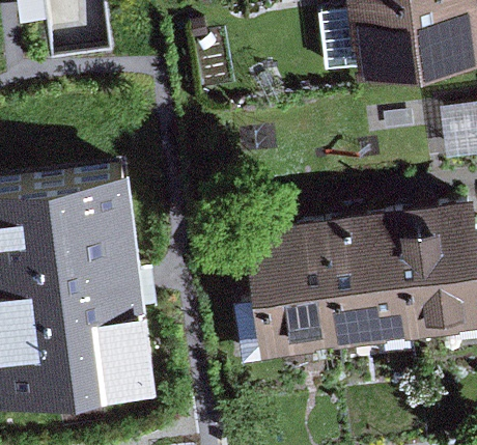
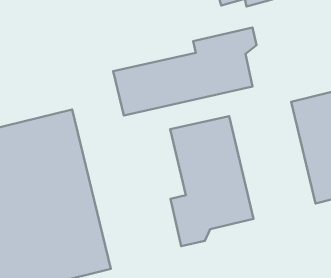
building: none -> [113,27,256,115]
building: [322,208,416,347] -> none

